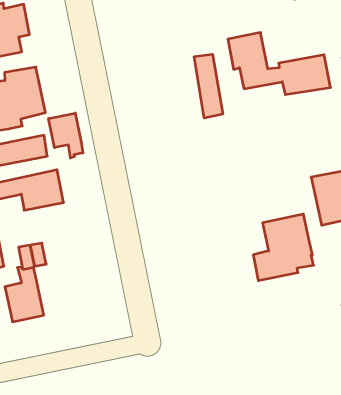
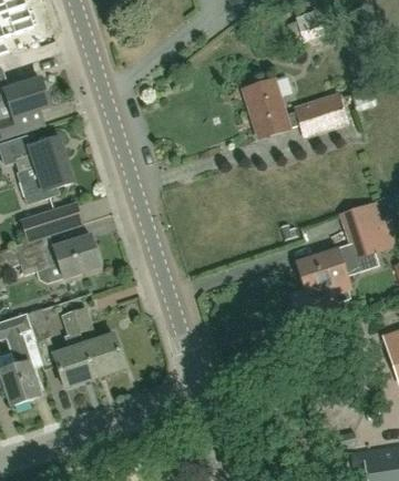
building: [194,54,223,118] -> none
building: [49,113,83,158] -> none
building: none -> [83,335,124,378]

